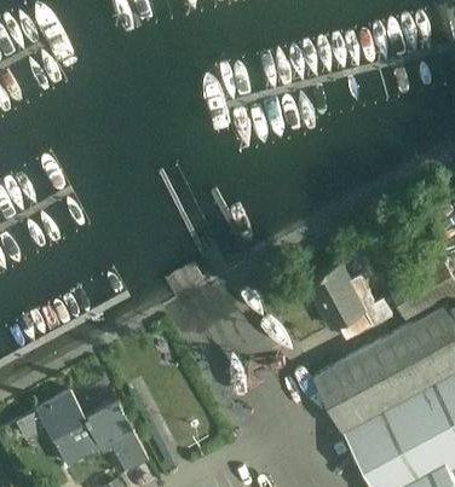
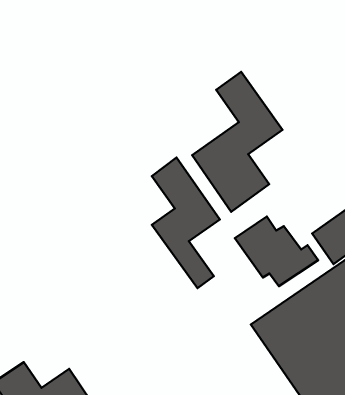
building: none -> [192,72,283,212]
building: none -> [152,158,220,288]

